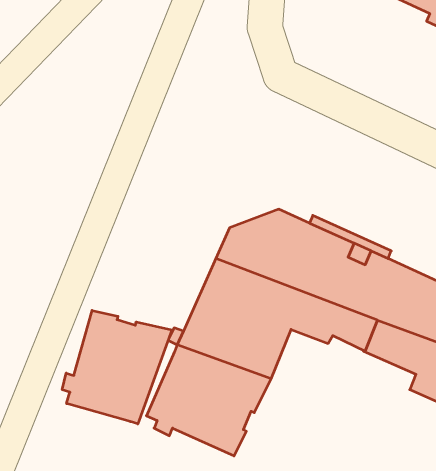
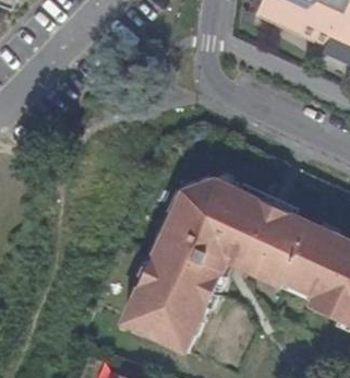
building: [62,310,172,424] -> none

